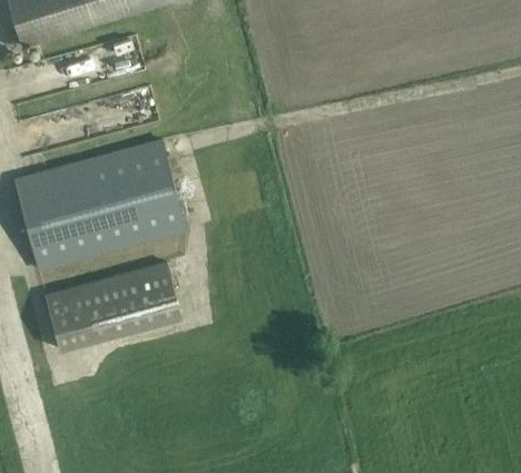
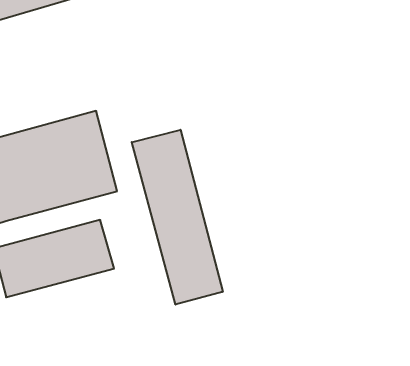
building: none -> [132,130,223,305]

